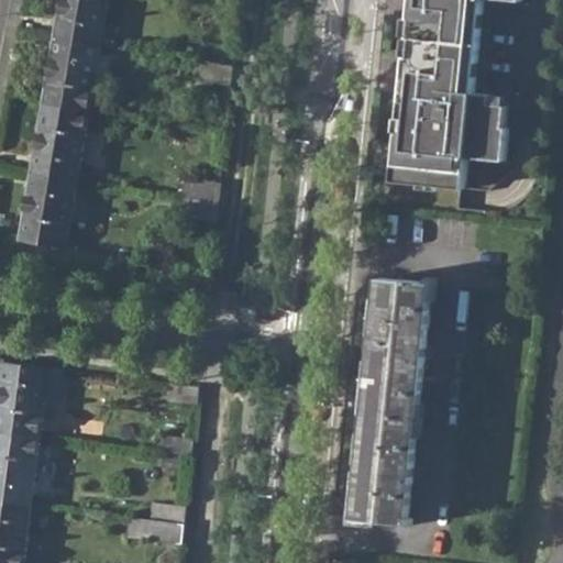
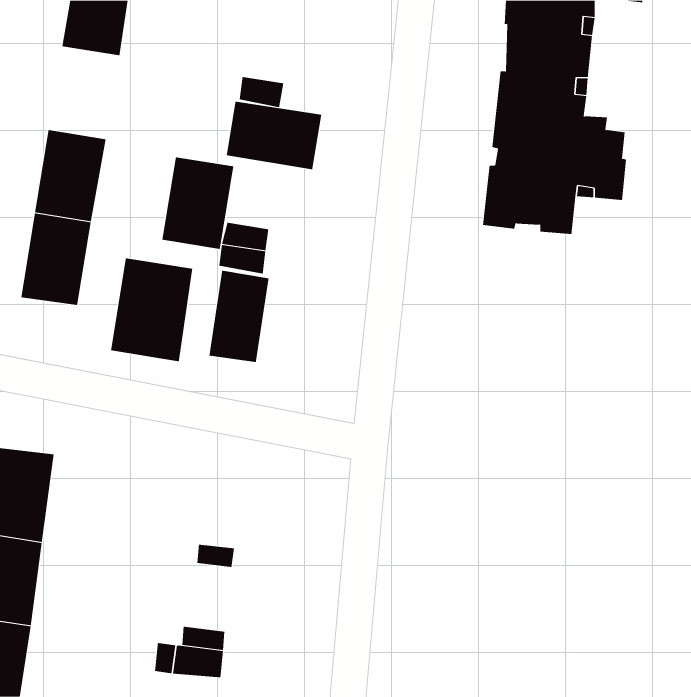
building: [38,37,97,112] -> [162,157,234,250]
building: none -> [226,101,322,170]
building: none -> [111,258,193,362]
building: none -> [209,270,269,363]
building: [349,277,426,523] -> none

